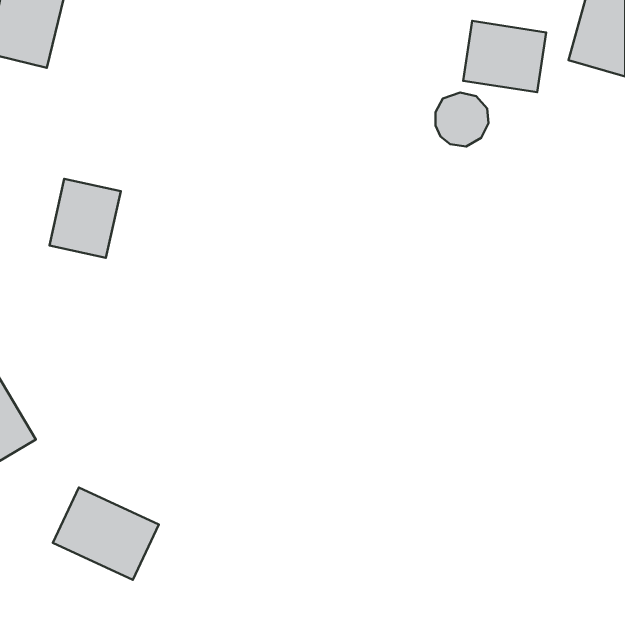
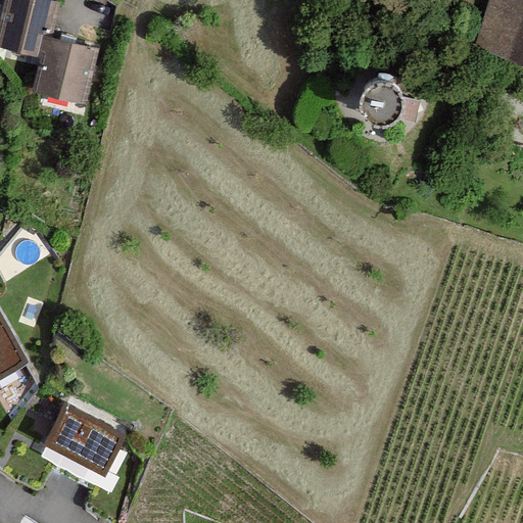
building: [463,21,546,92] -> none
building: [49,179,121,258] -> [34,38,93,103]

